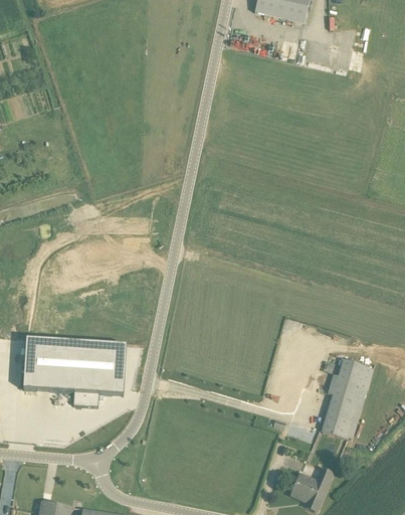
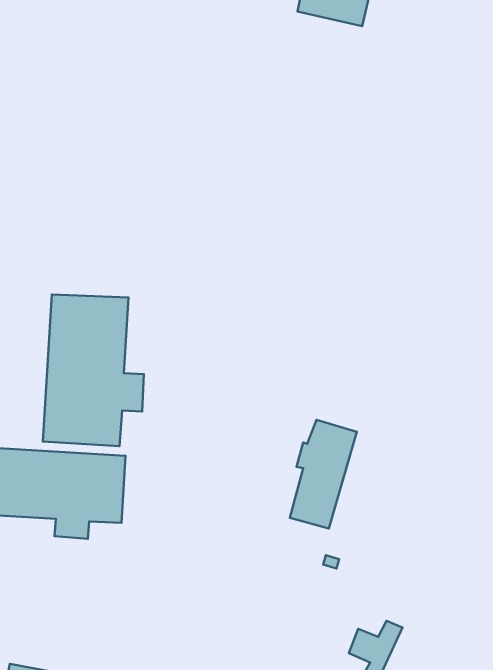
building: none -> [43,294,144,446]
building: [323,357,373,439] -> [290,420,357,528]

